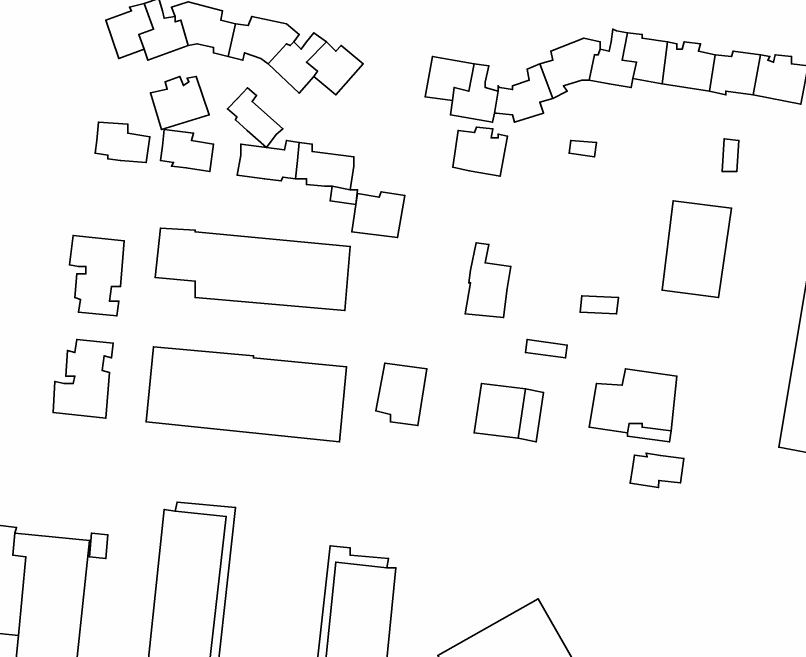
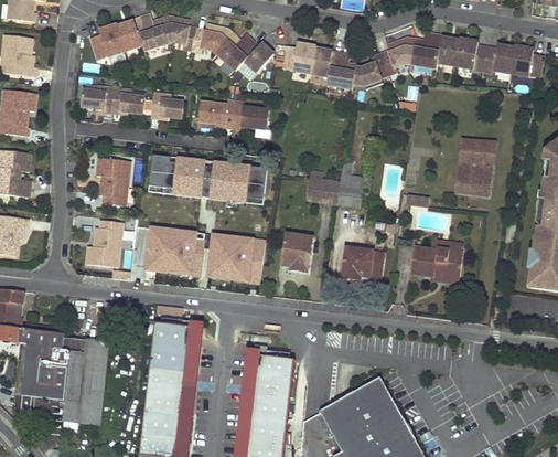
building: [151,76,209,129] -> [90,26,126,59]
building: [228,88,283,147] -> none
building: none -> [81,86,114,108]
building: [453,127,507,176] -> [282,43,315,73]
building: [352,192,405,237] -> [305,176,337,203]
building: [630,453,684,487] -> none

